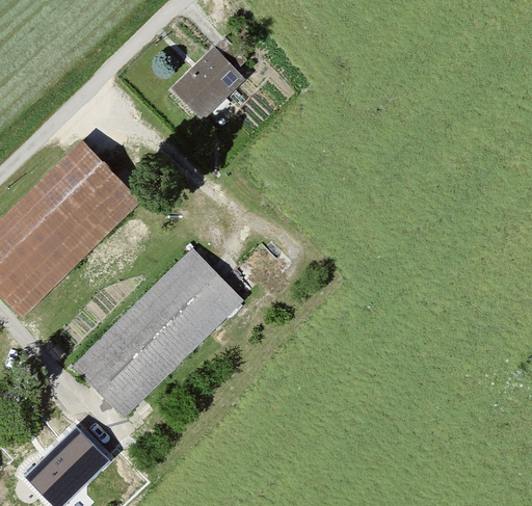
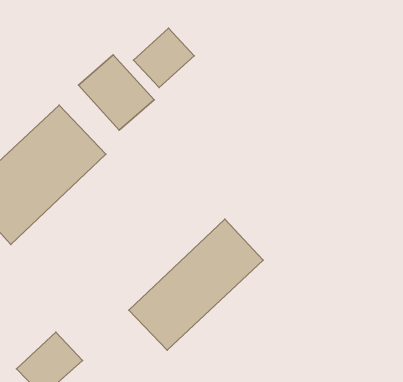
building: none -> [78,55,154,130]
building: [76,249,243,412] -> [129,219,263,350]

